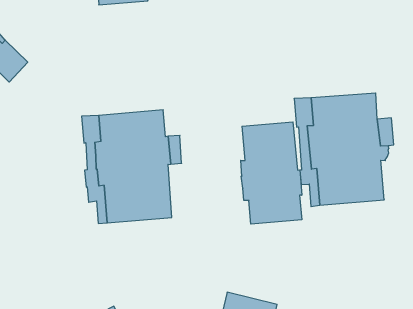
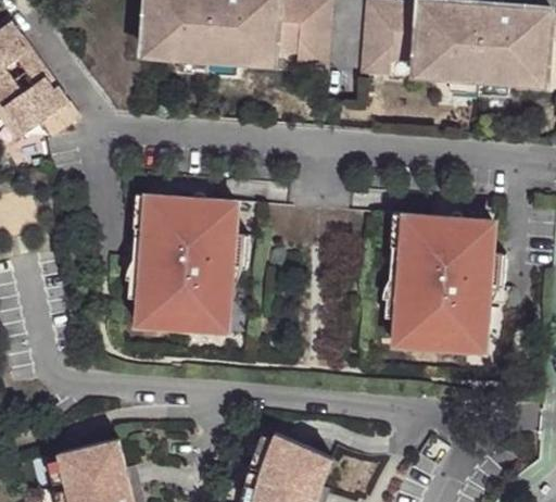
building: [241,122,302,224] -> none

